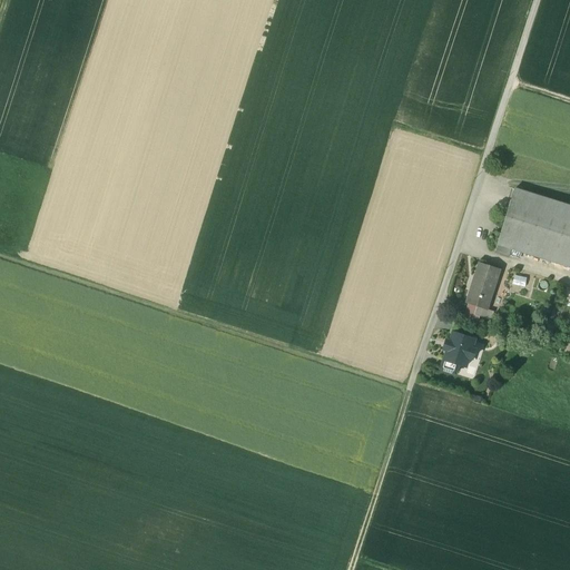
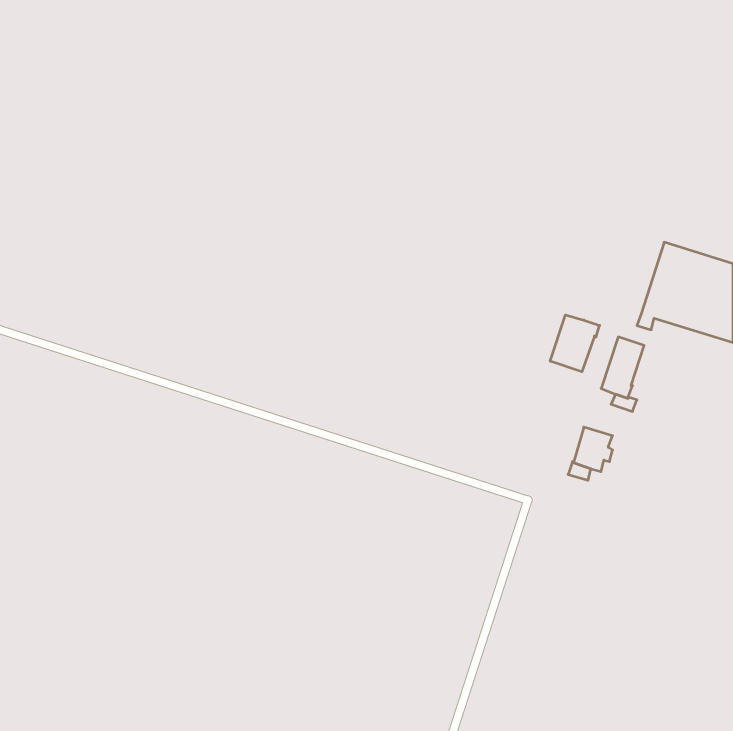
building: none -> [550,315,600,372]

